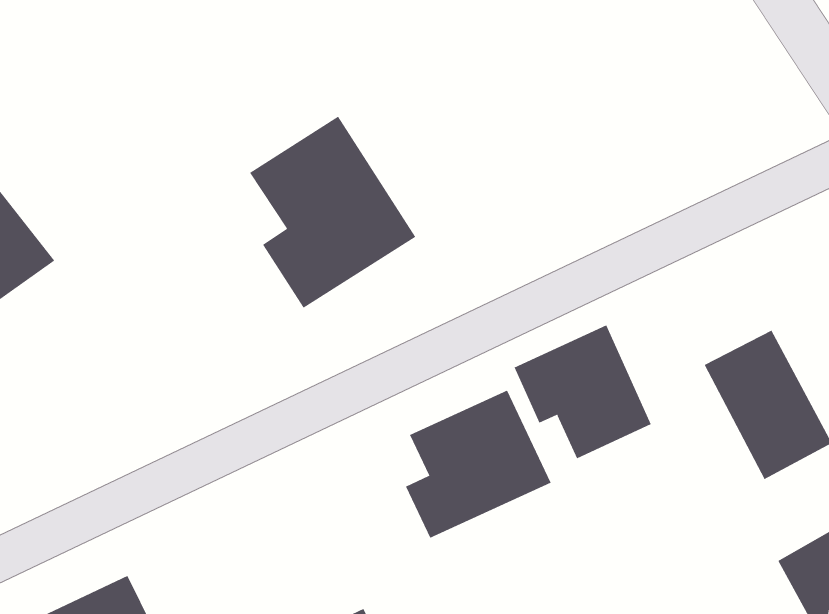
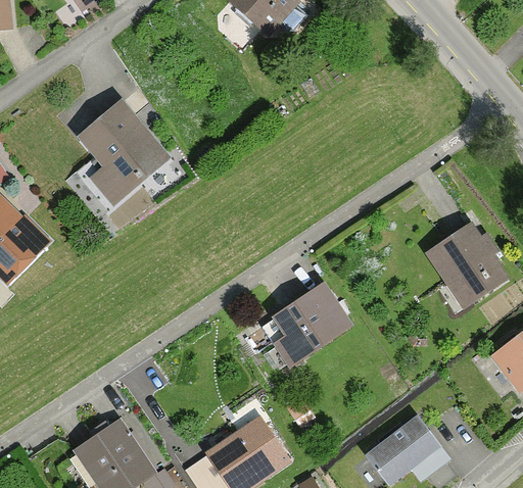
building: [249,116,416,309] -> [72,93,172,205]
building: [514,324,652,459] -> none

